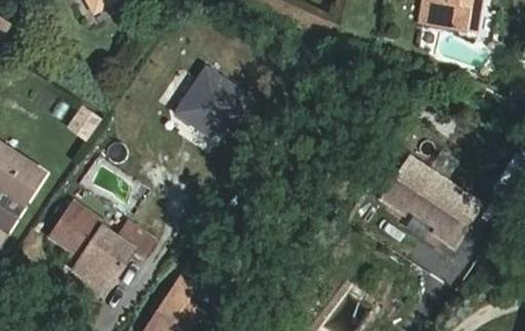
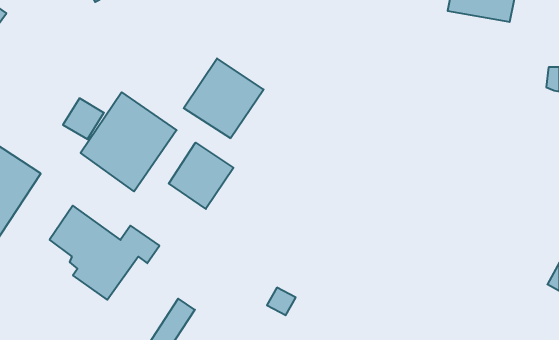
building: none -> [81,92,177,191]
building: none -> [169,143,233,209]
building: [383,158,479,244] -> none

